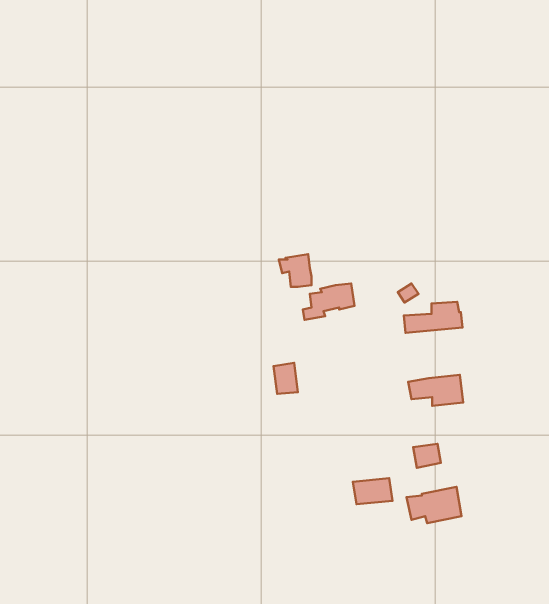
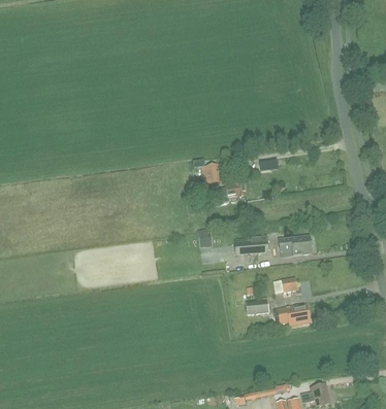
building: [404,302,462,333] -> [233,235,268,253]

